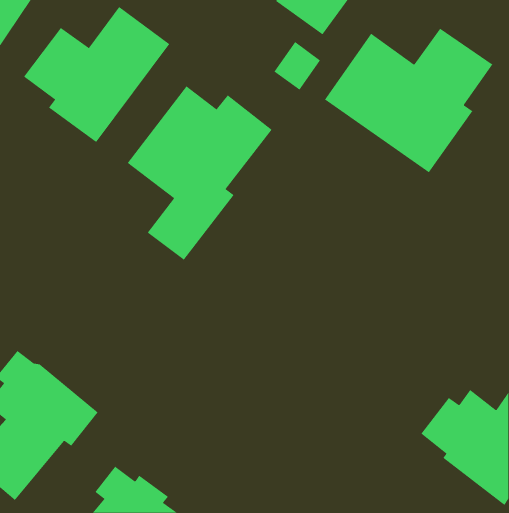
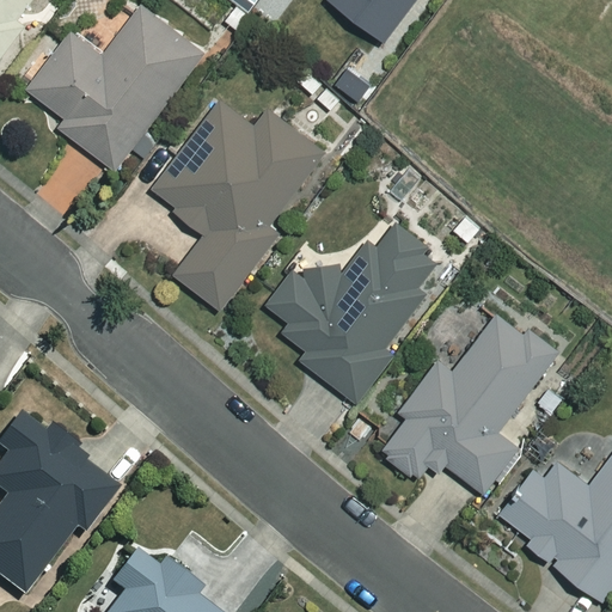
building: [324,28,493,173] -> none
building: none -> [267,226,445,403]
building: none -> [382,317,553,492]

